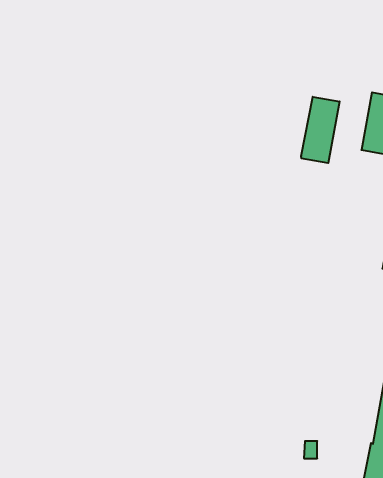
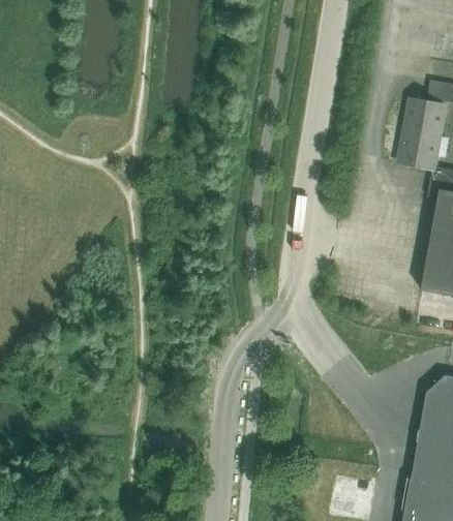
building: [301,97,340,163] -> none

